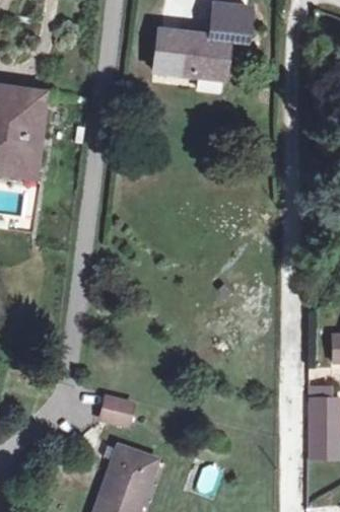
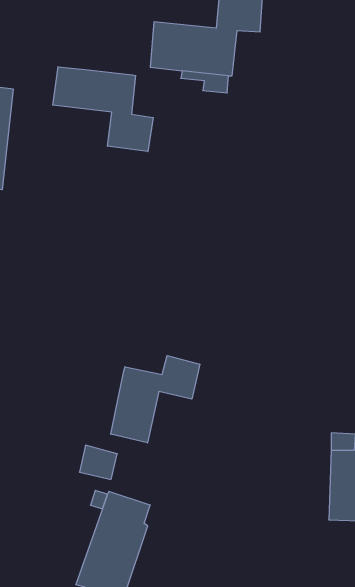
building: none -> [53,67,153,152]
building: none -> [111,356,200,443]

